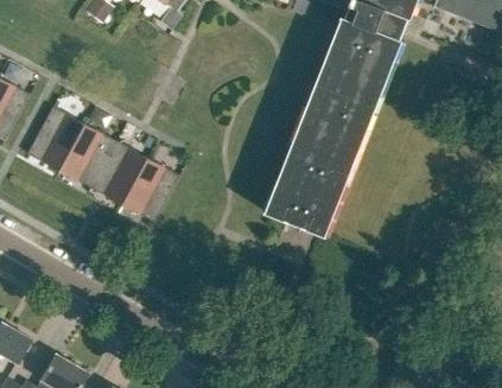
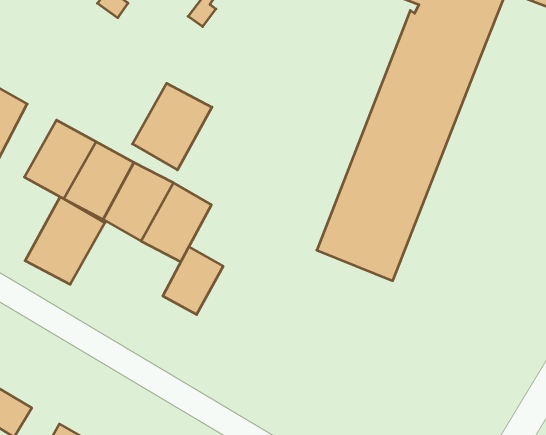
building: none -> [132,83,212,170]
building: none -> [25,197,105,284]
building: none -> [163,247,223,315]

